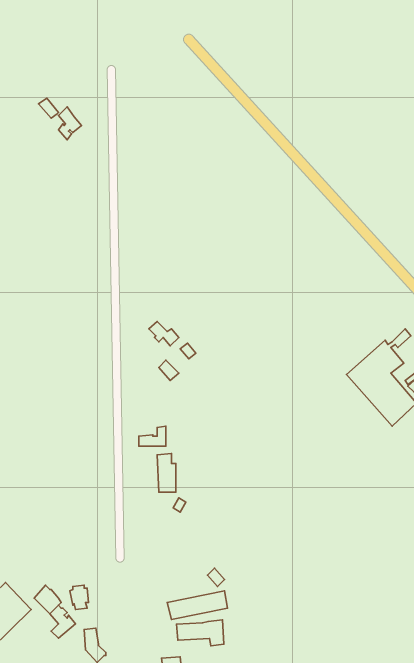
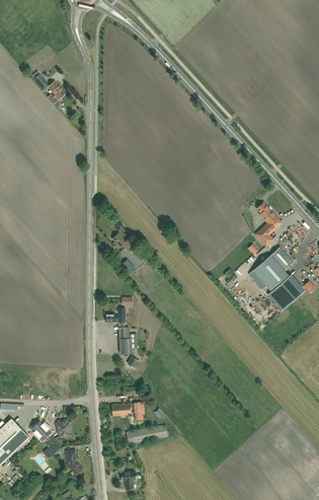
building: none -> [255,202,282,246]
building: [177,620,224,646] -> [111,402,145,420]

